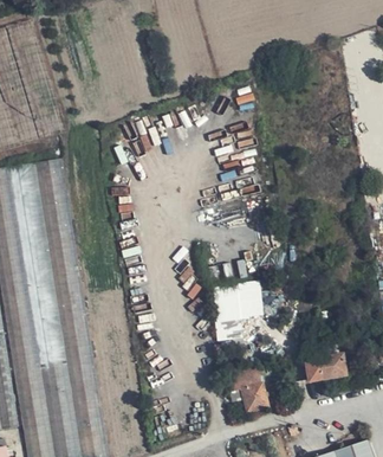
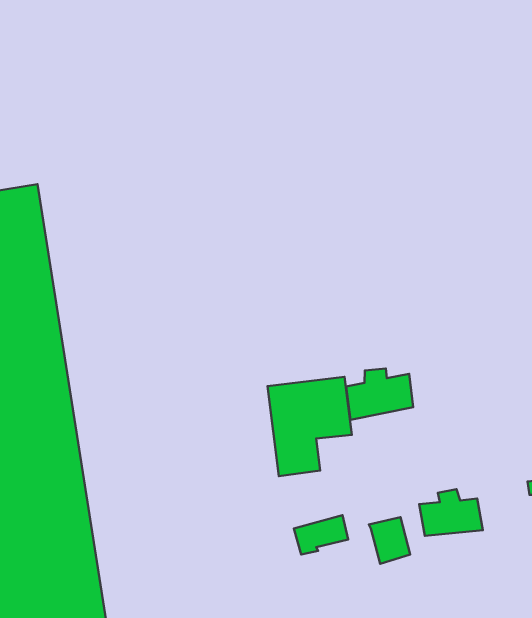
building: none -> [346,368,413,420]
building: [240,382,266,412] -> [369,517,410,564]

